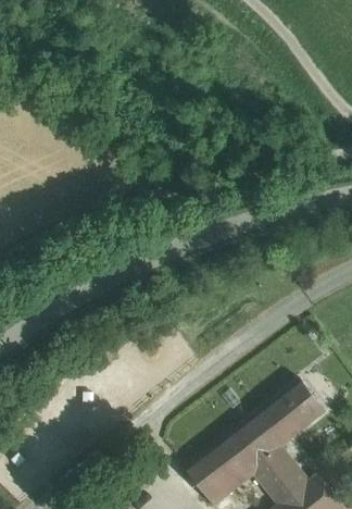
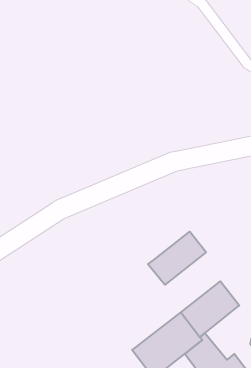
building: none -> [148,232,206,285]

